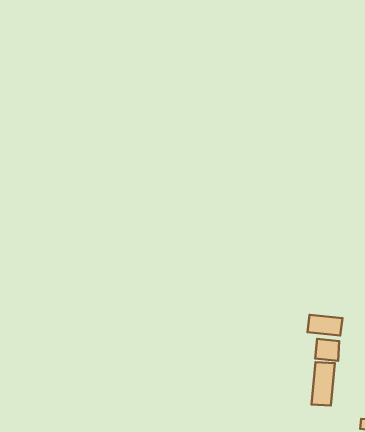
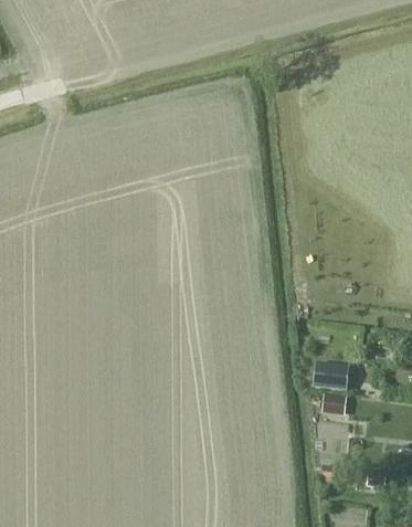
building: [311,362,335,406] -> none

